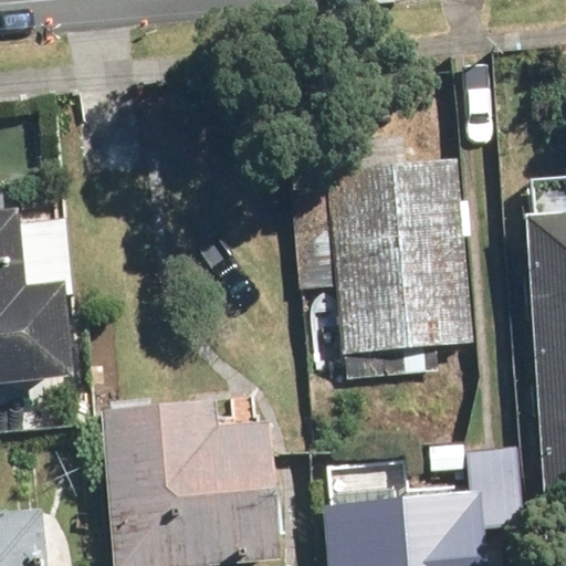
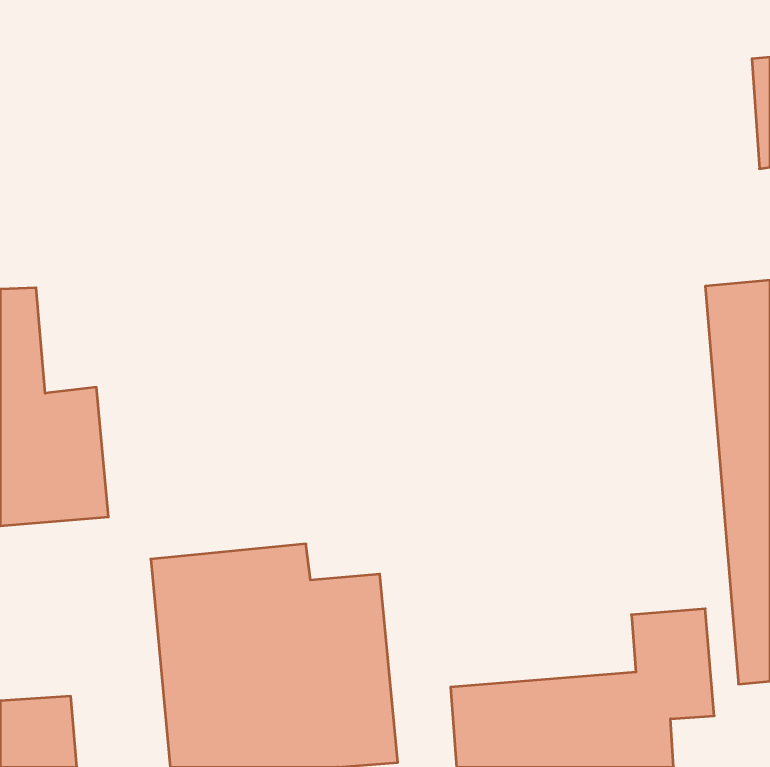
building: [321,158,468,354] -> none

